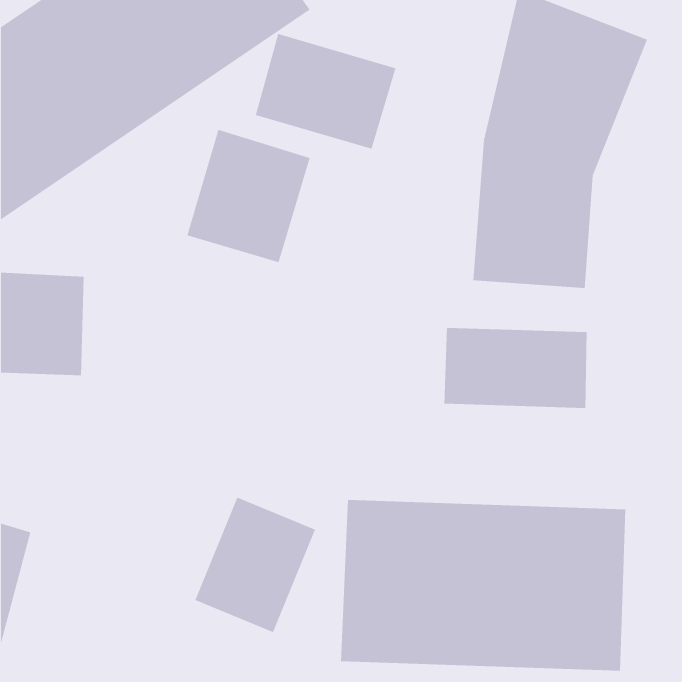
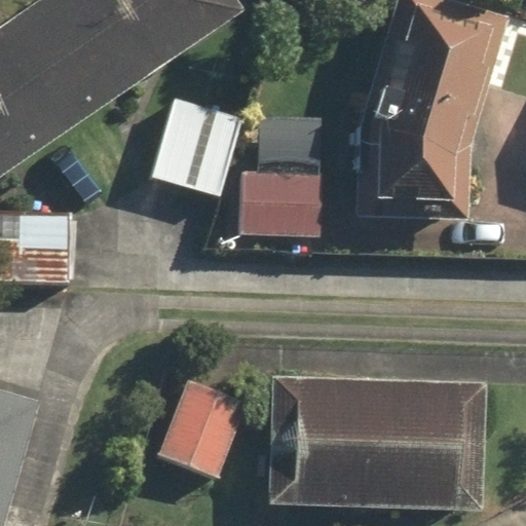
building: [255,33,396,150] -> none
building: none -> [242,166,327,236]
building: [444,327,587,409] -> none

